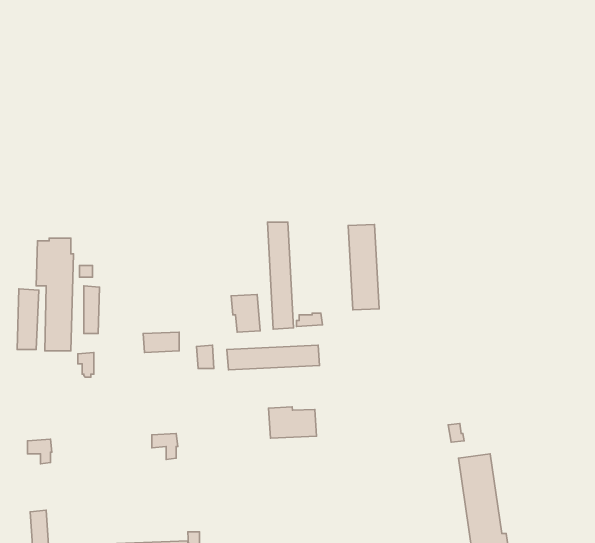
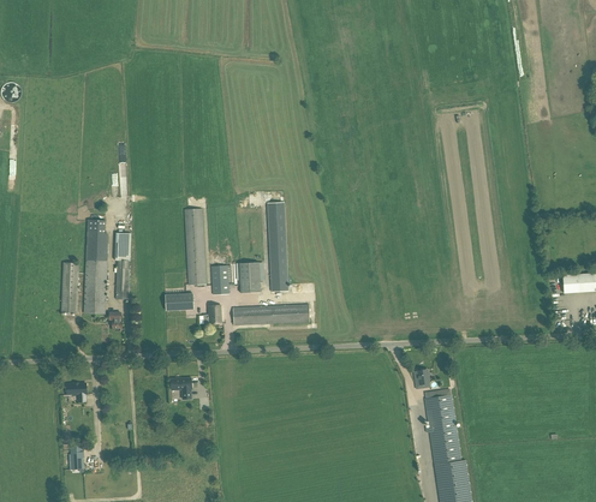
building: [348,225,379,310] -> none
building: none -> [184,208,205,286]
building: none -> [211,264,234,294]
building: [268,407,316,438] -> none

